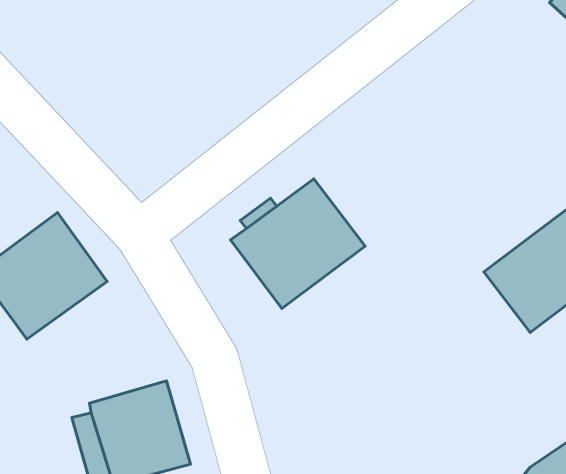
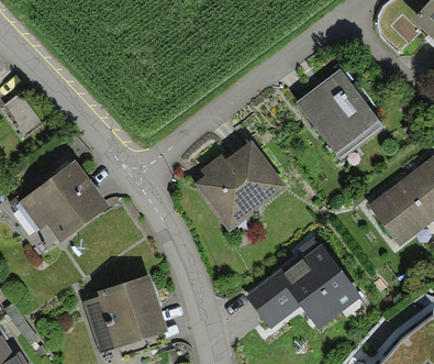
building: none -> [296,68,382,157]
building: none -> [245,243,361,329]

